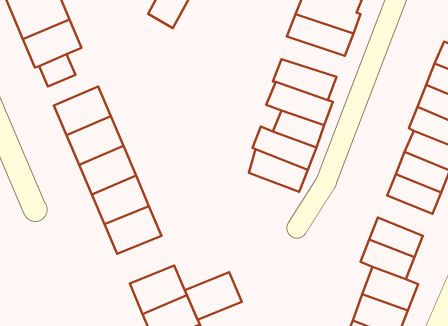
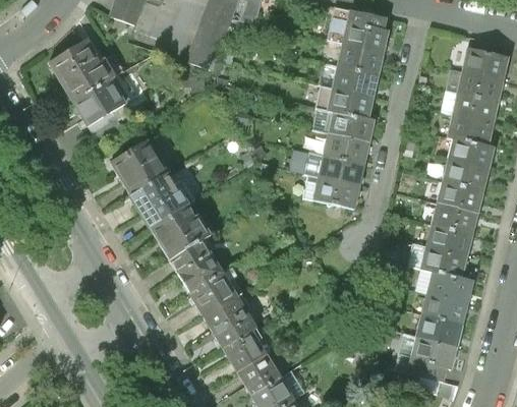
building: none -> [315,62,378,94]
building: none -> [432,199,483,233]
building: [185,272,242,320] -> [188,270,244,319]

